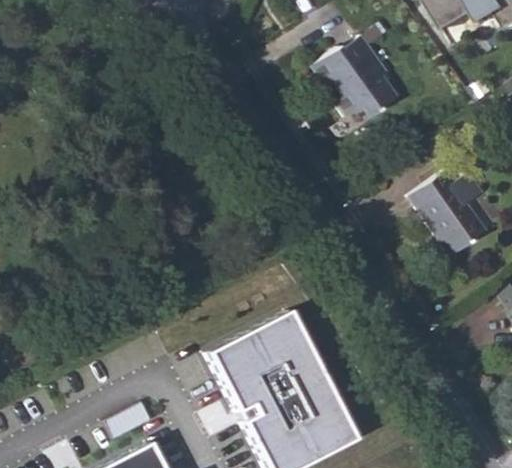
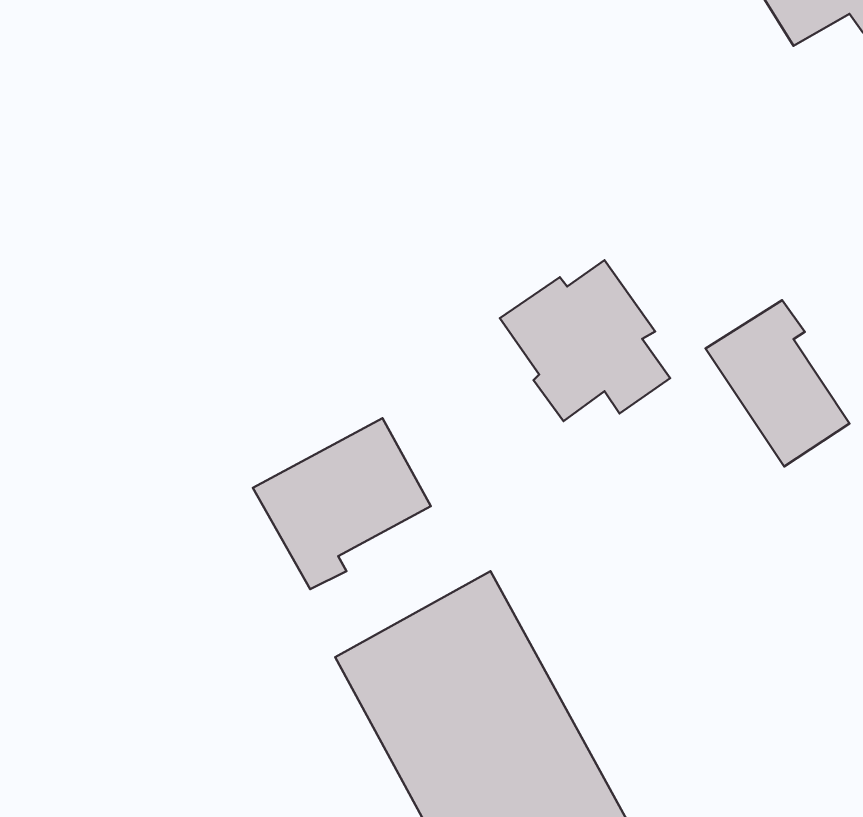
building: [306,30,397,116] -> [500,260,670,421]
building: none -> [253,418,431,589]

